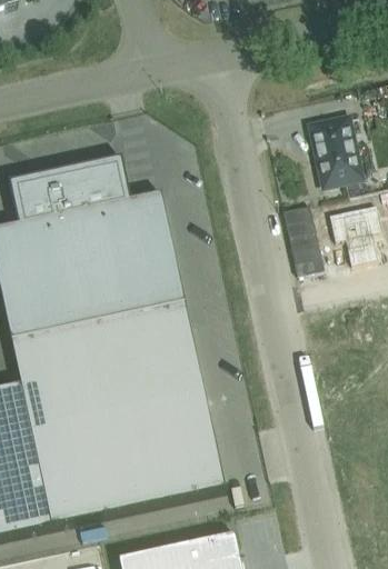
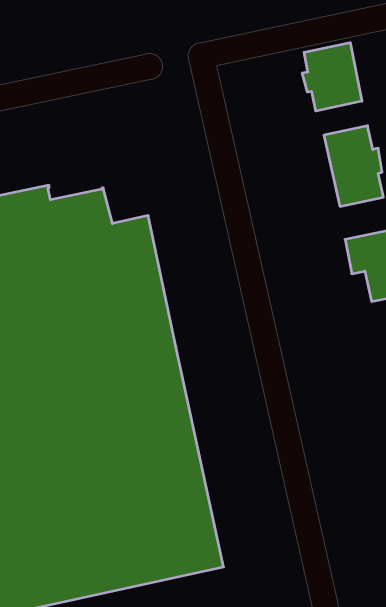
building: none -> [302,43,362,111]
building: [281,201,322,272] -> none

